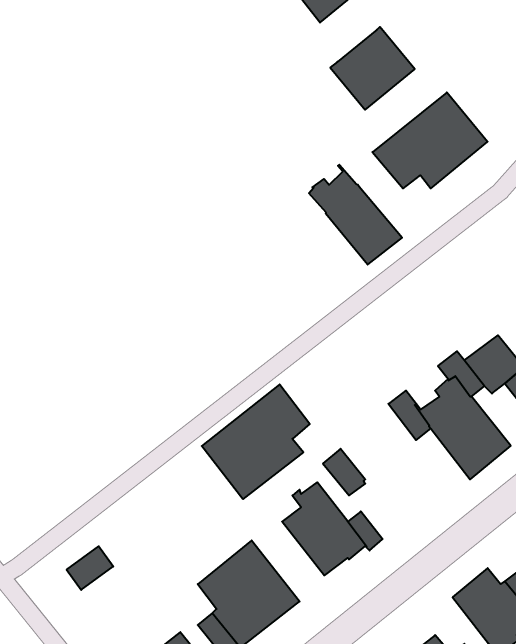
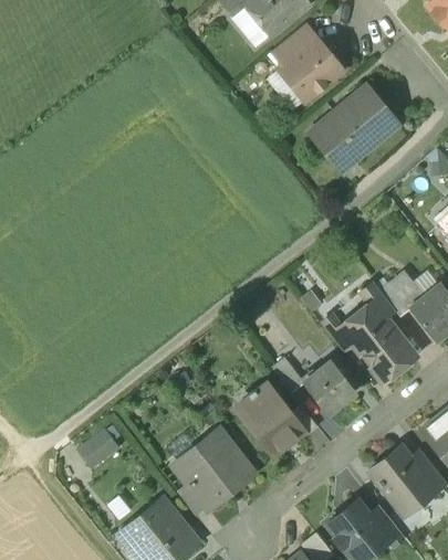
building: none -> [273,25,314,64]
building: [309,165,402,265] -> none
building: [202,384,310,499] -> none
building: none -> [304,361,355,413]

